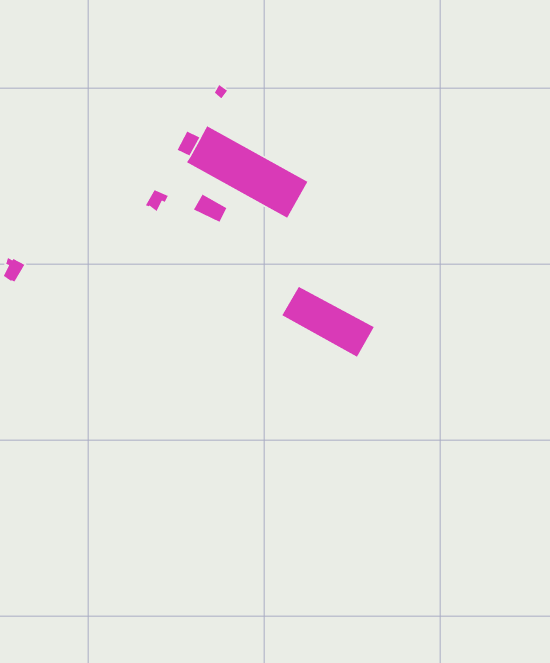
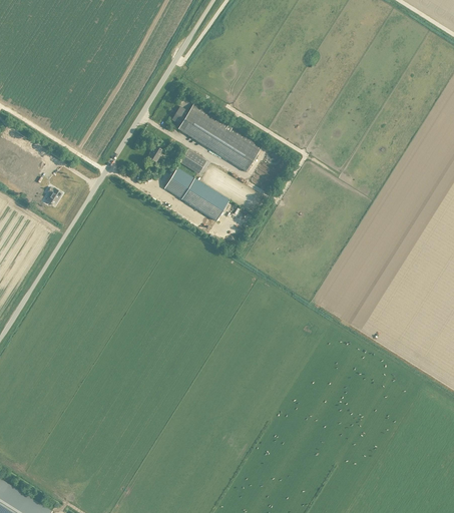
building: [281,286,376,359] -> [163,168,229,221]

